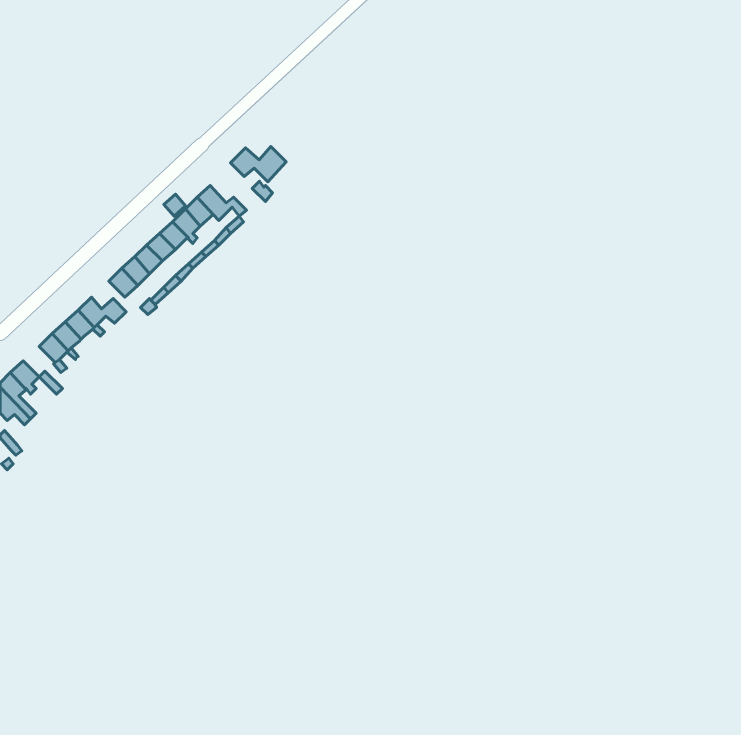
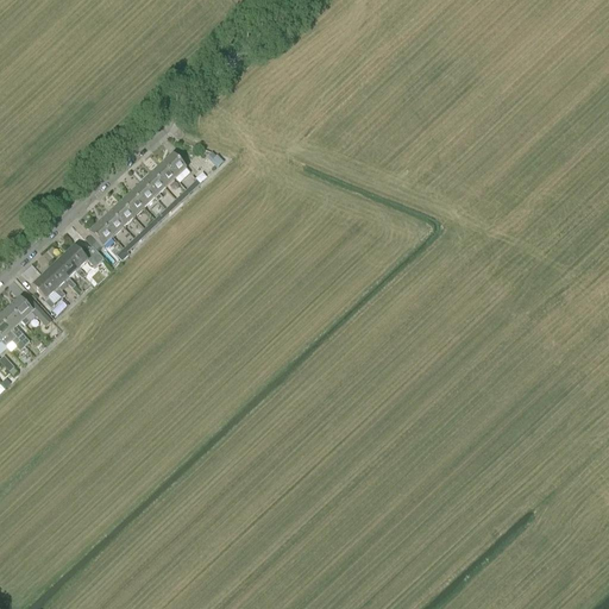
building: [231,146,286,182] -> none

